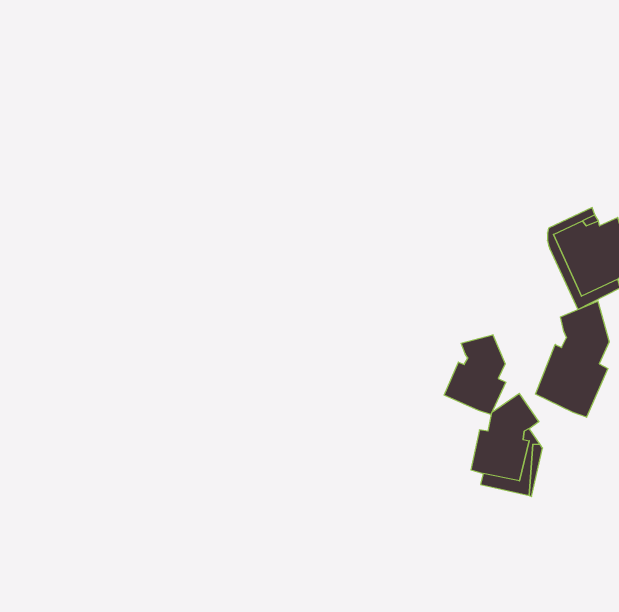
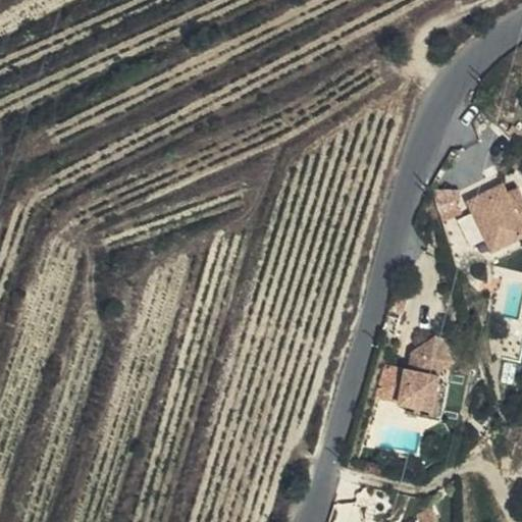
building: [535,301,609,417] -> none
building: [444,335,506,415] -> none

